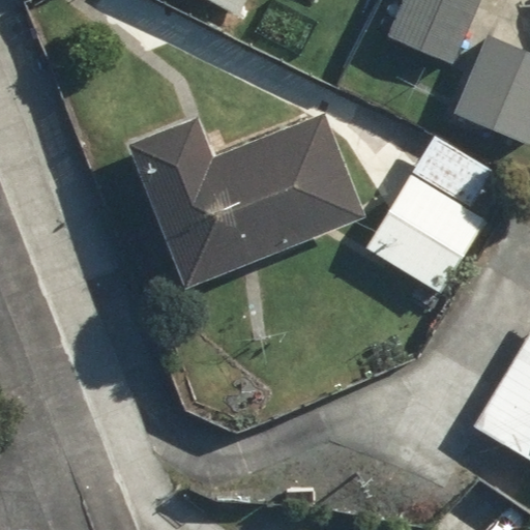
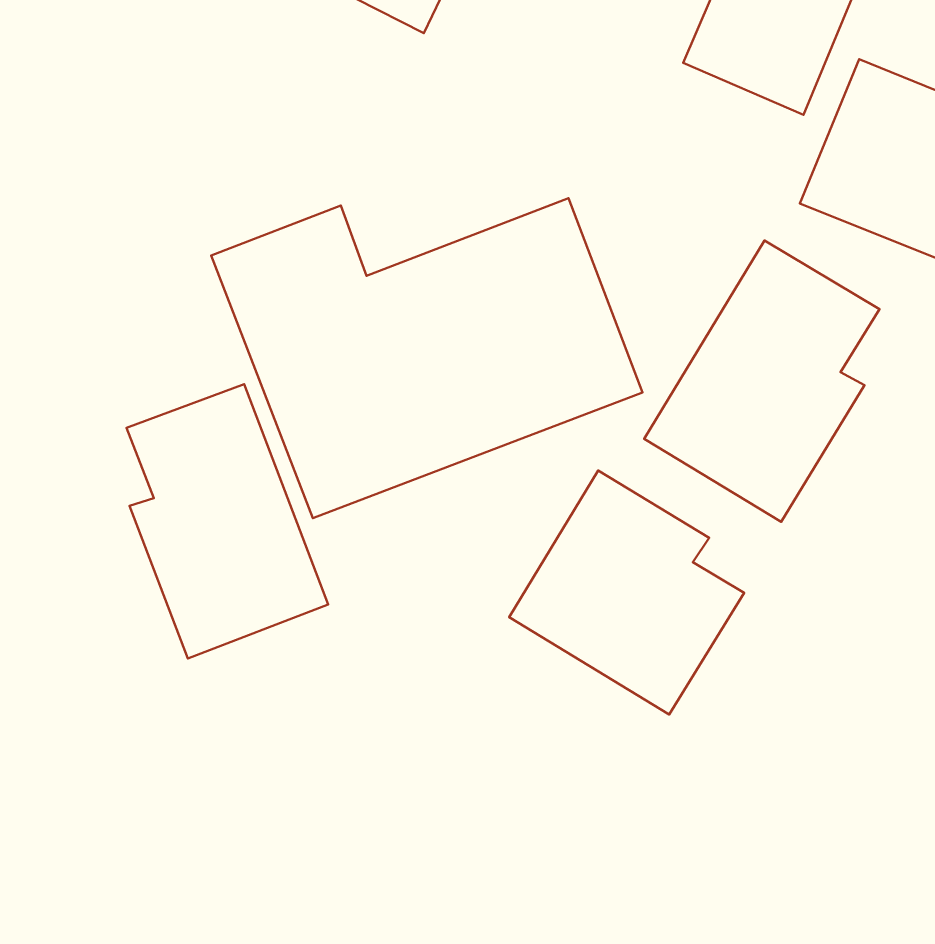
building: none -> [127,384,328,658]
building: none -> [509,471,744,715]

